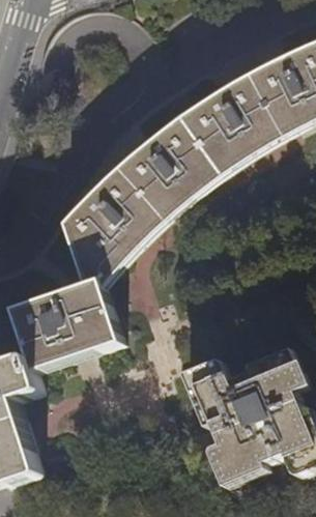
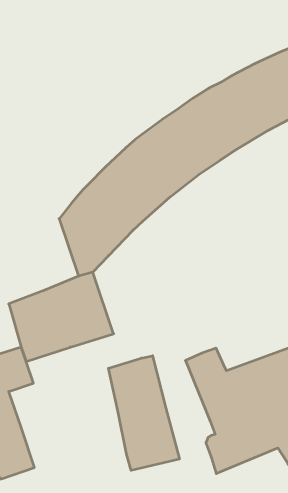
building: none -> [108,356,179,470]

